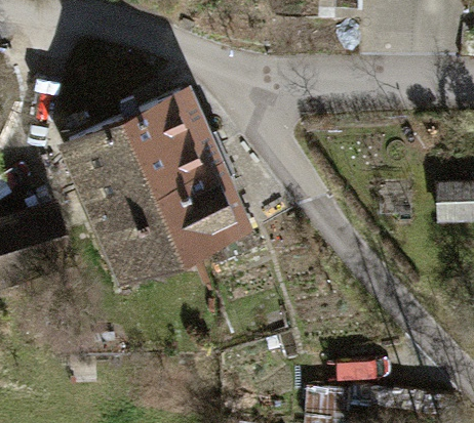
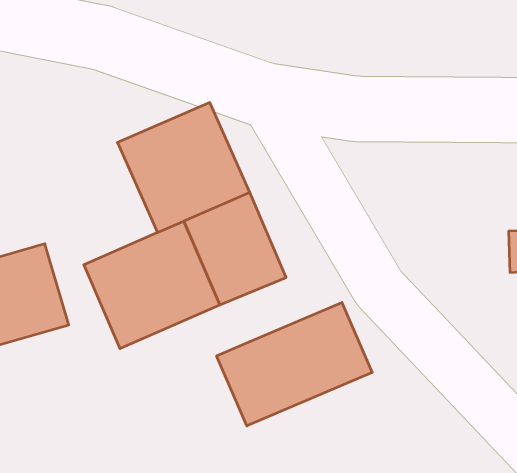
building: [55,120,149,220] -> none
building: none -> [217,302,372,426]

